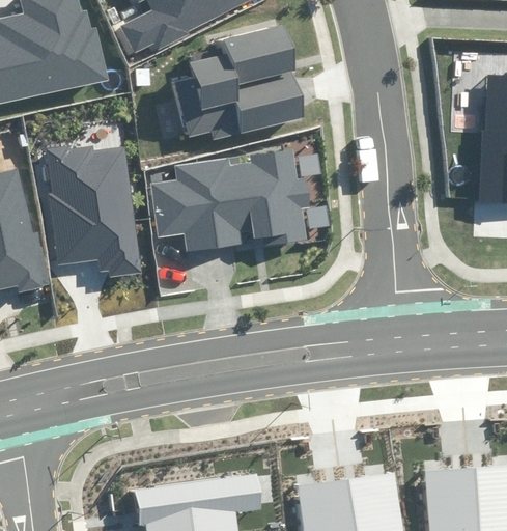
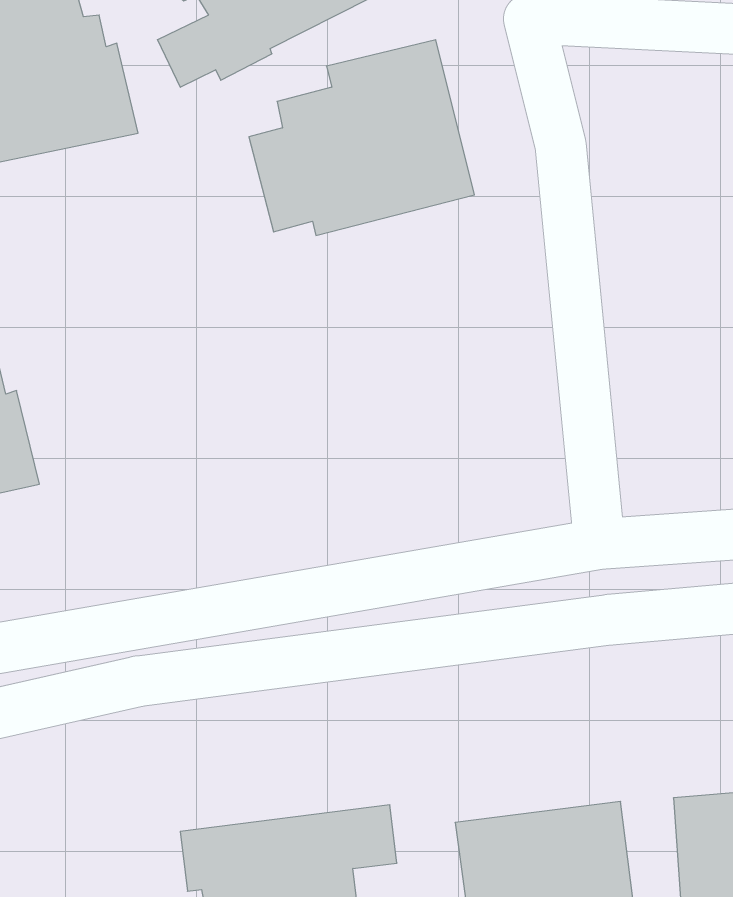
building: [47,146,143,277] -> none
building: [151,149,309,252] -> none

